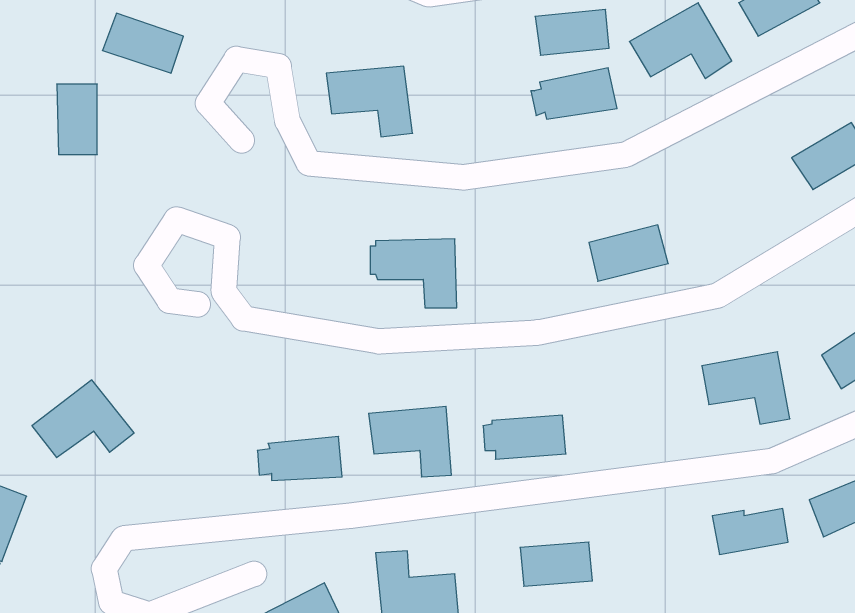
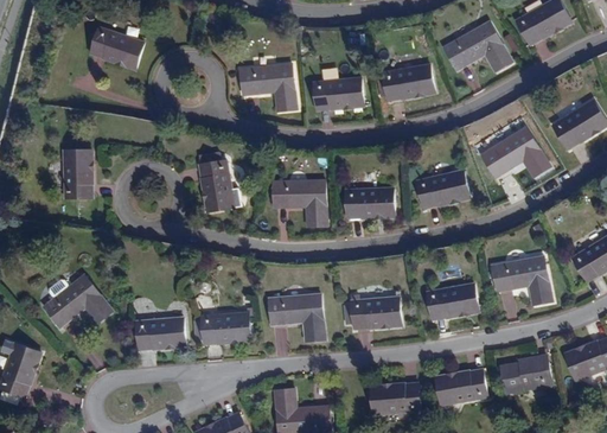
building: [535,9,609,55] -> [313,78,363,109]
building: [57,84,97,155] -> [63,149,90,197]
building: none -> [481,127,550,178]
building: none -> [200,159,234,210]
building: none -> [345,187,394,216]
building: none -> [427,284,478,318]
building: none -> [135,318,185,348]
building: none -> [434,370,485,403]

